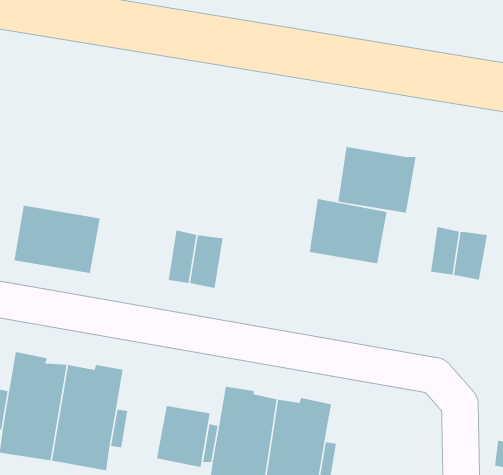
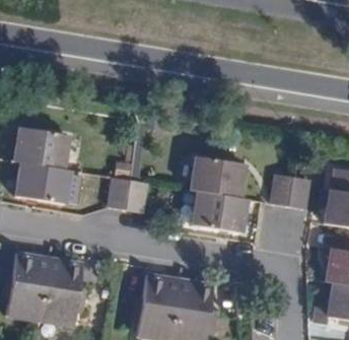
building: [338,146,416,214] -> [200,192,249,233]
building: none -> [16,129,70,168]
building: [156,405,211,468] -> none

